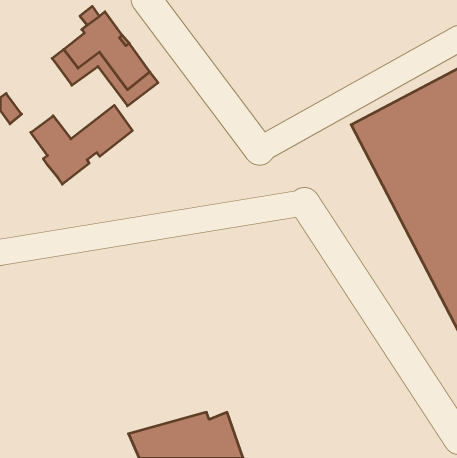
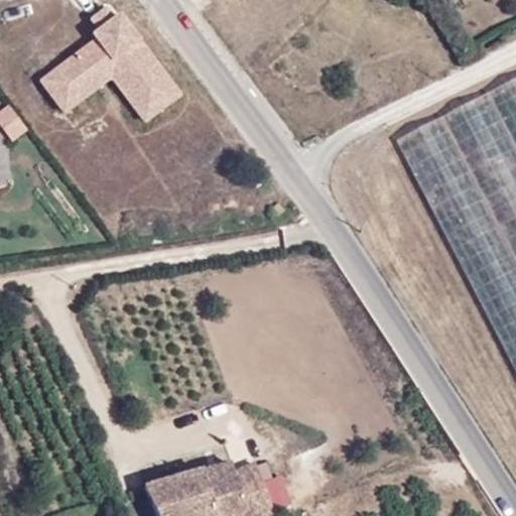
building: none -> [41,66,83,110]
building: [31,105,132,184] -> none

